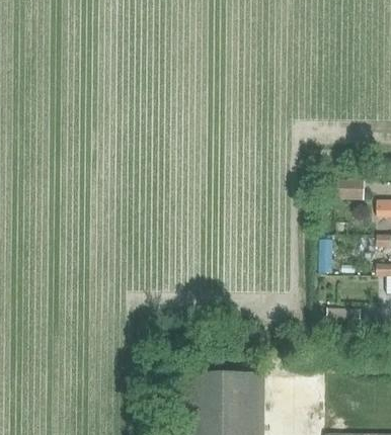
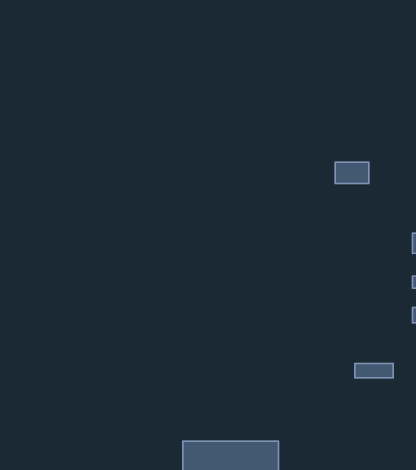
building: [335,184,364,202] -> [335,162,369,184]

